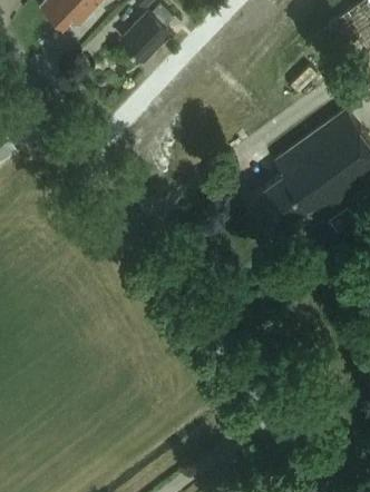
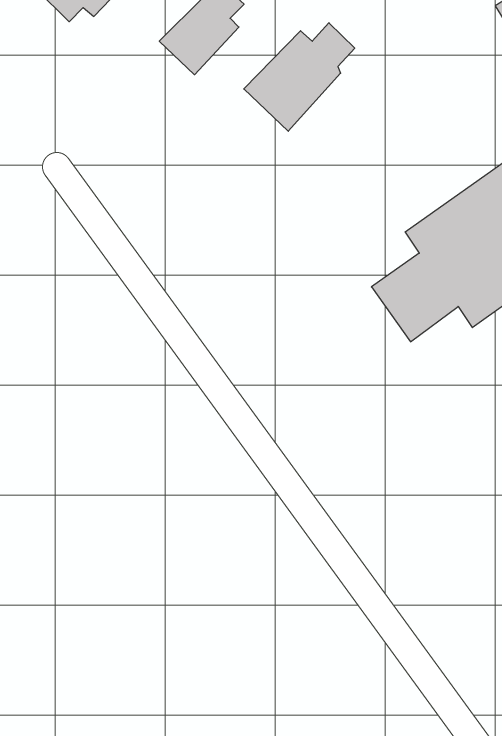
building: none -> [244,23,355,131]

